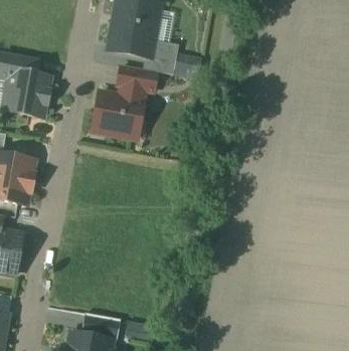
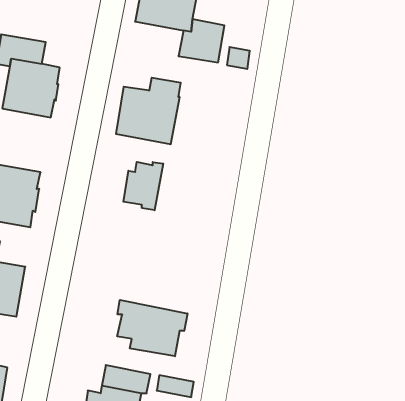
building: [118,64,157,92] -> none
building: none -> [123,162,163,210]
building: none -> [117,300,187,356]

